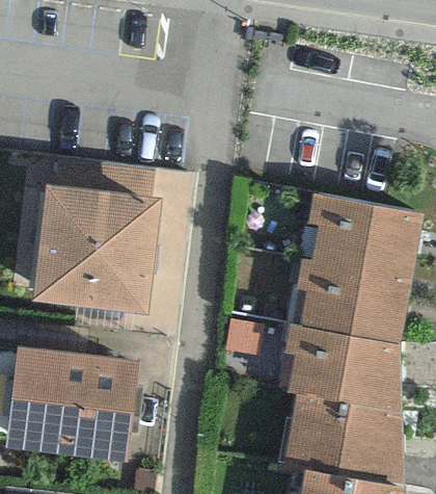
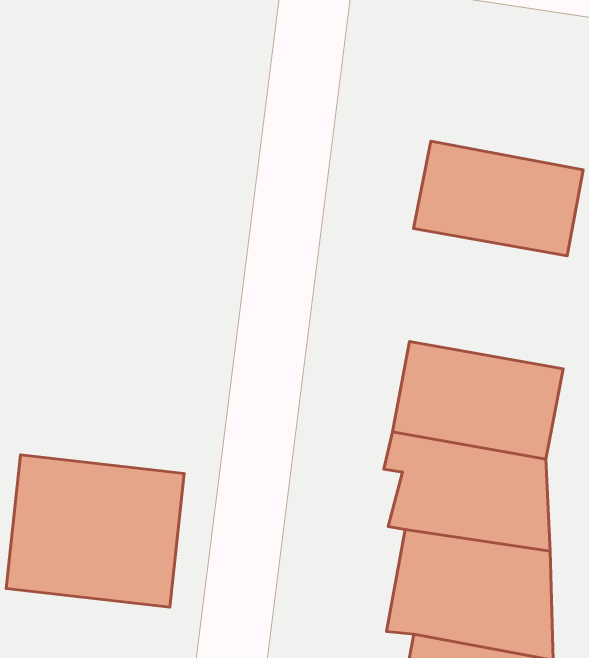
building: [32,184,159,311] -> none
building: [300,200,423,283] -> [414,141,583,256]

